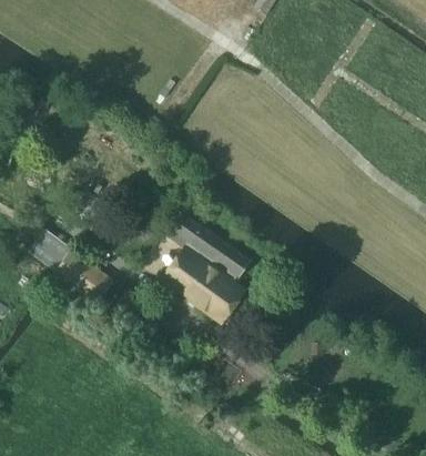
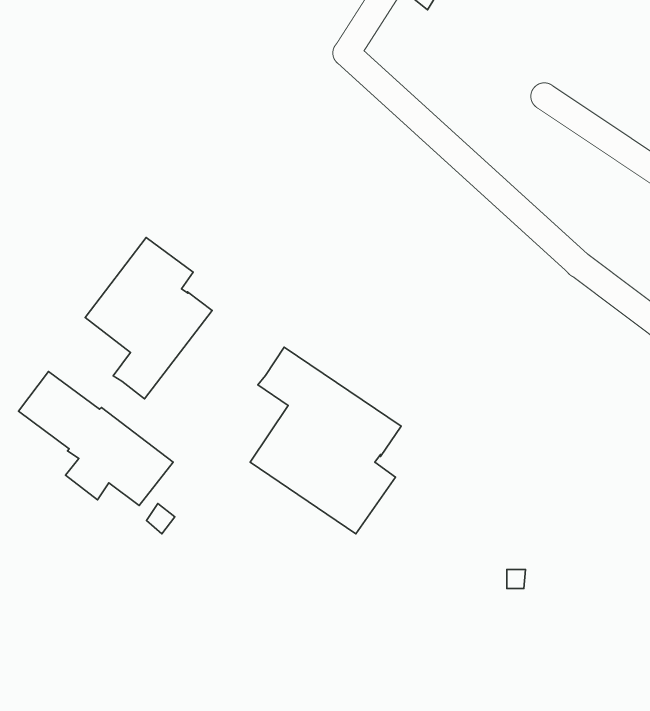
building: none -> [85,237,212,399]

